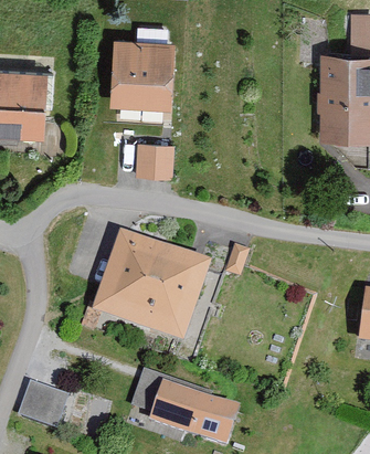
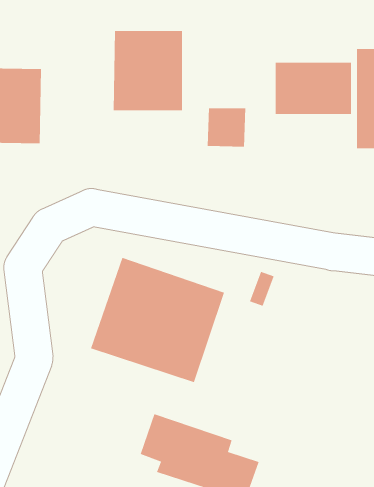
building: none -> [275,62,351,115]
building: [137,141,171,176] -> [207,108,246,147]
building: [18,382,65,426] -> none

